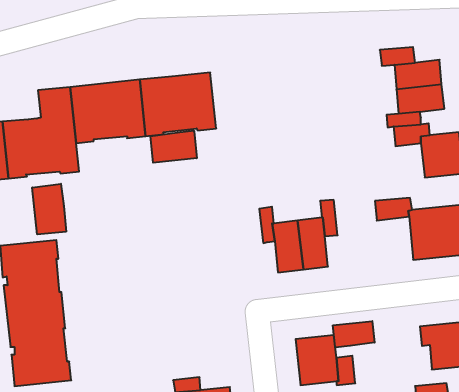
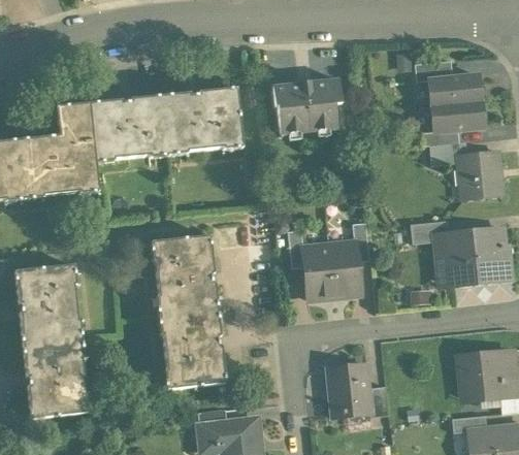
building: none -> [272,77,340,134]
building: [150,131,197,163] -> none
building: [32,184,66,234] -> none
building: none -> [151,234,225,389]
building: [333,321,375,348] -> none

